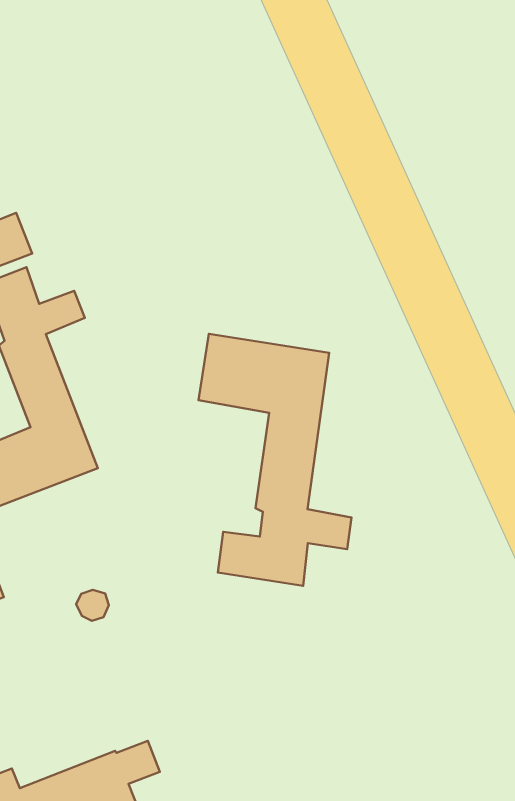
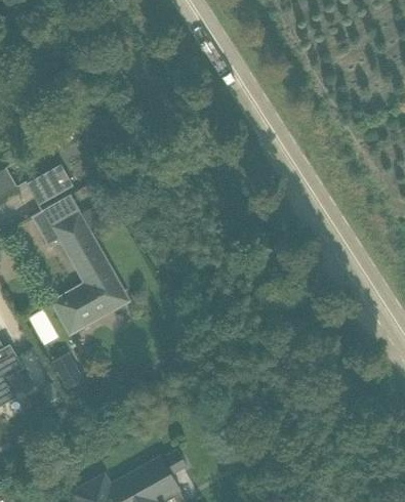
building: [199,334,352,586] -> none

